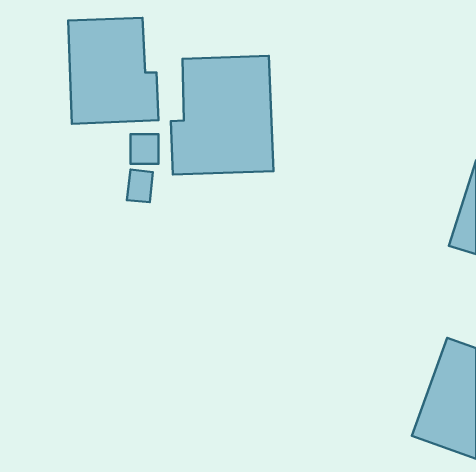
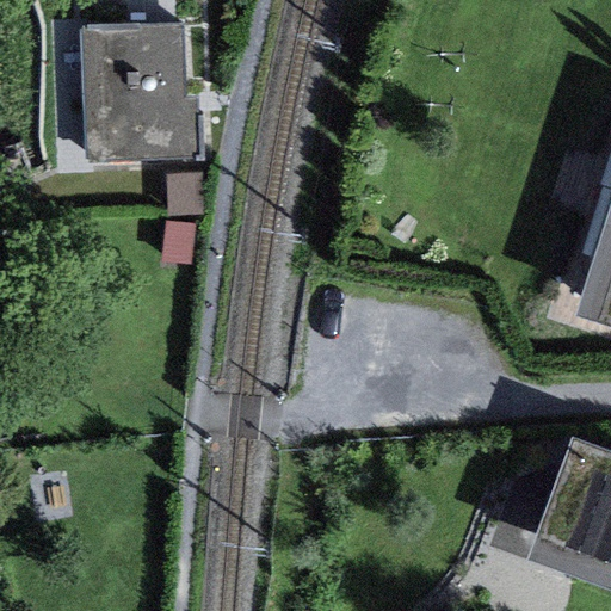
building: [171,56,273,174] -> none

